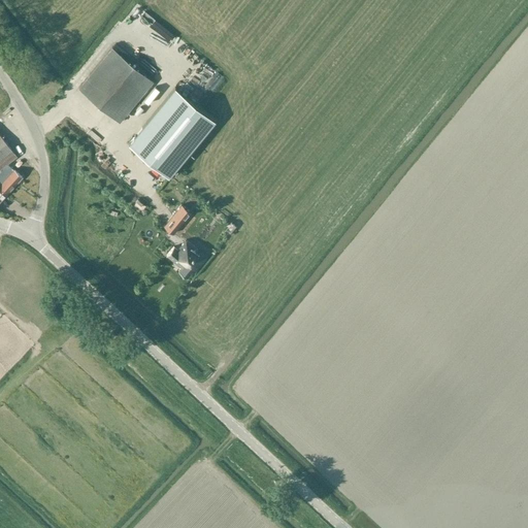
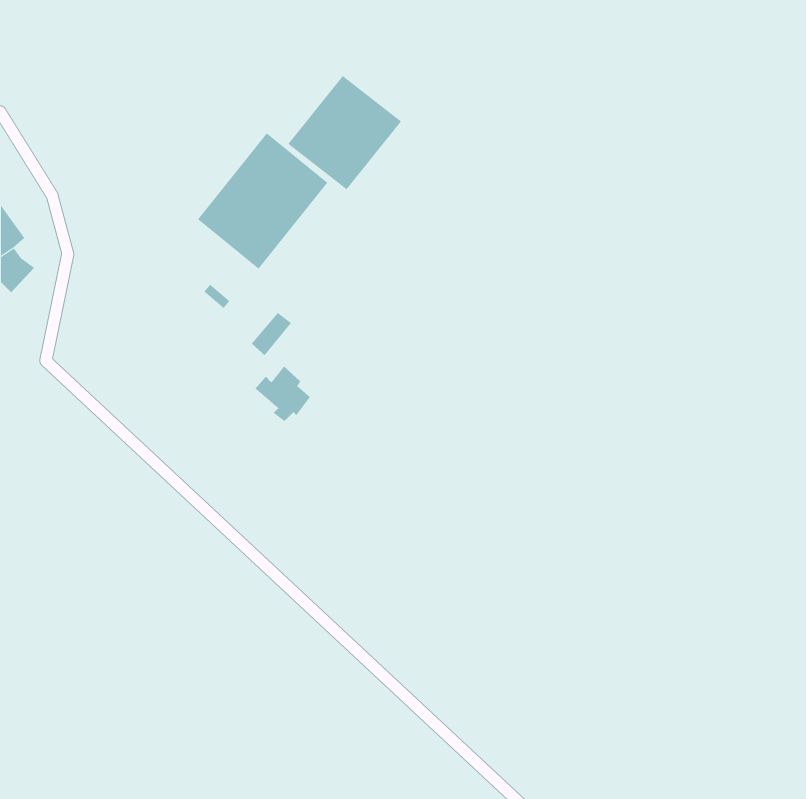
building: [79,50,154,125] -> none
building: none -> [287,75,402,190]

